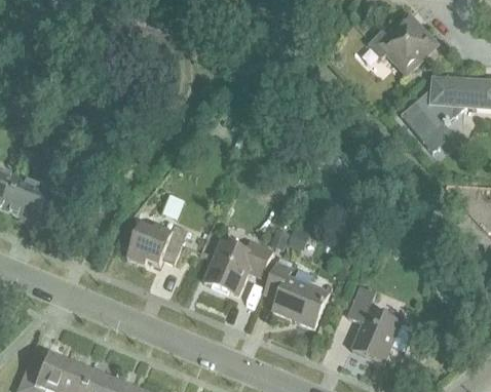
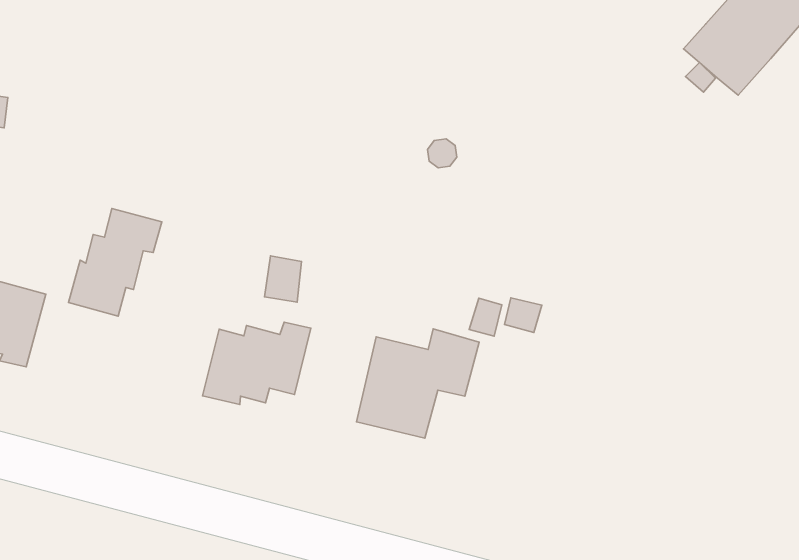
building: none -> [68,209,162,316]
building: [264,260,329,325] -> none
building: [347,284,401,361] -> none

